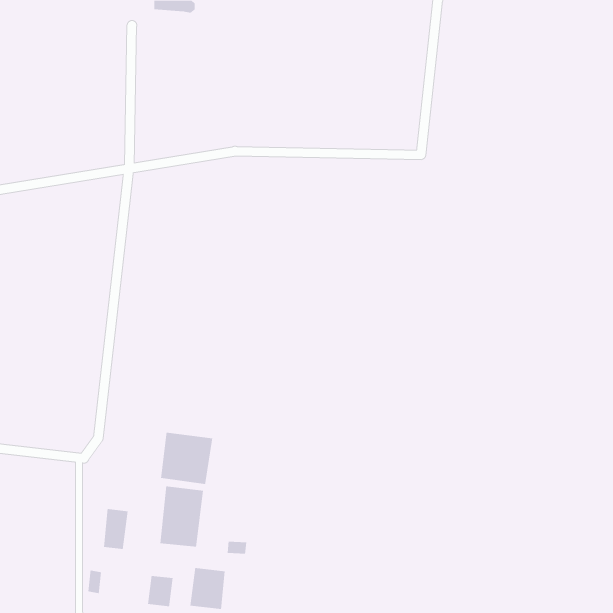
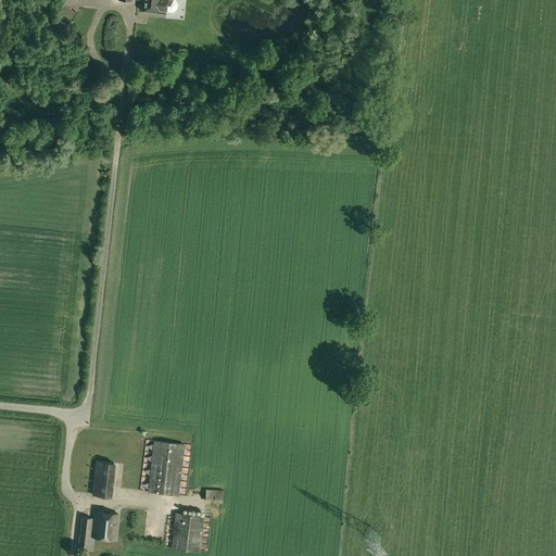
building: [161,432,213,485] -> none
building: [147,575,174,607] -> [93,511,117,540]

